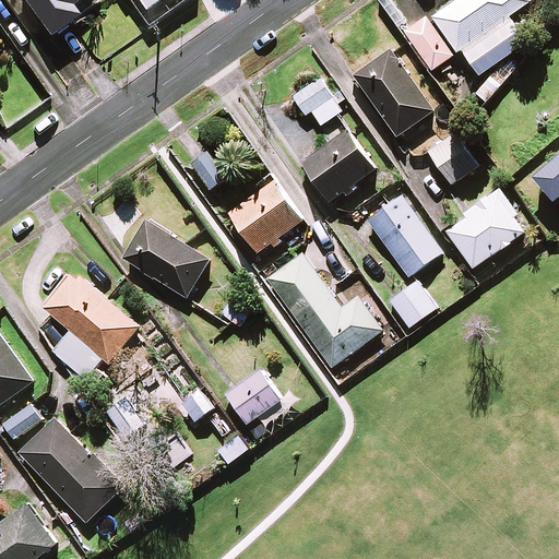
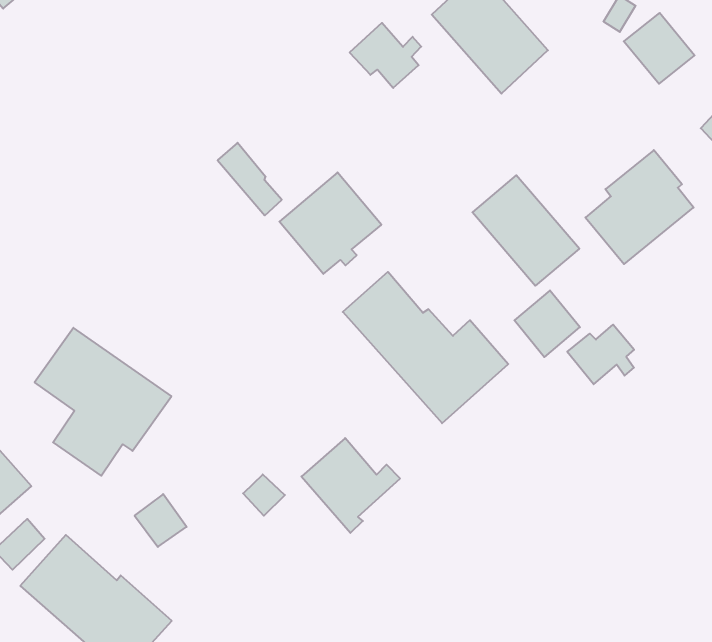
building: [301,130,373,201] -> none
building: [427,132,476,182] -> [624,13,695,84]
building: [122,221,209,297] -> none
building: none -> [567,325,634,384]

